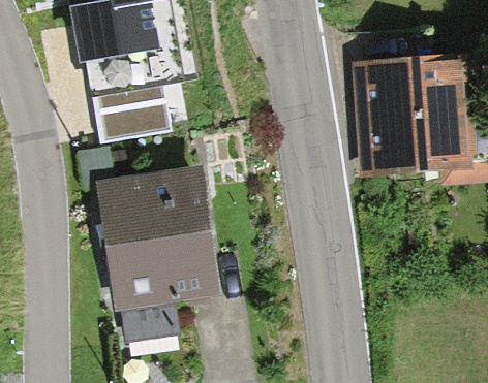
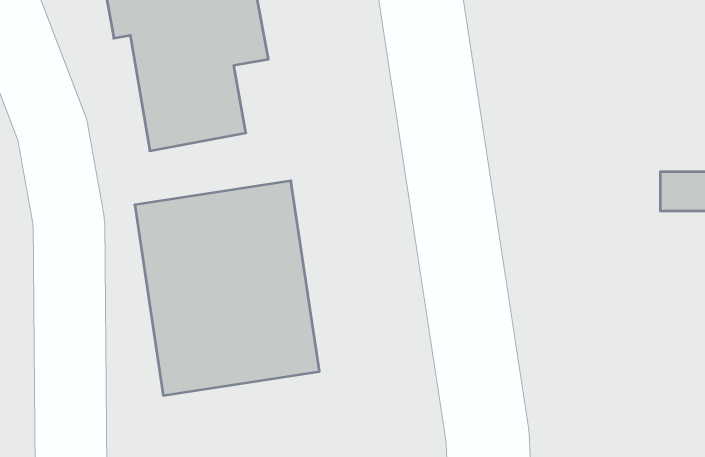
building: [363,62,451,171] -> none

